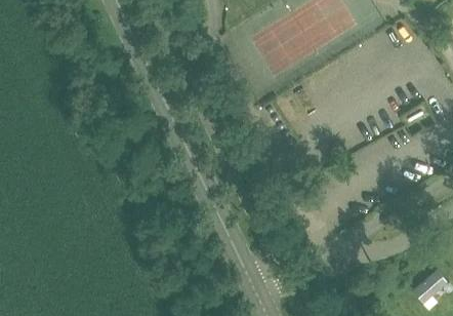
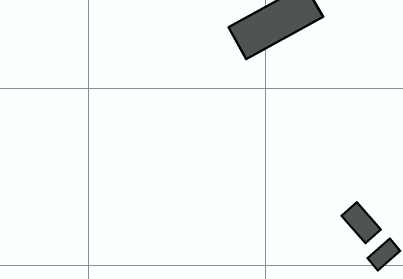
building: none -> [342,202,381,243]

